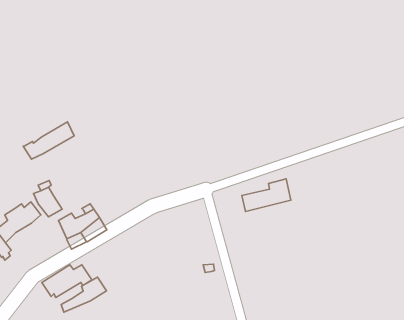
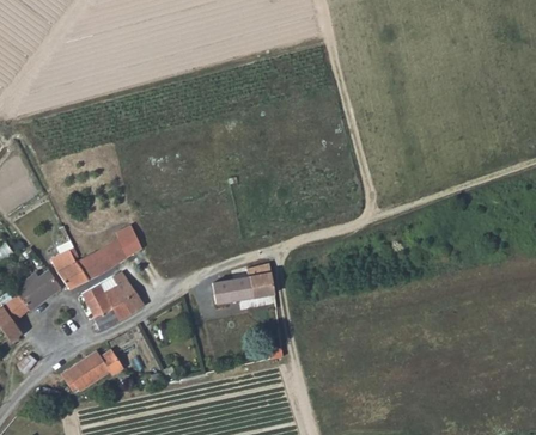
building: [23,122,74,159] -> [75,231,141,278]
building: [242,179,291,211] -> [208,265,272,307]
building: [61,277,107,312] -> none

